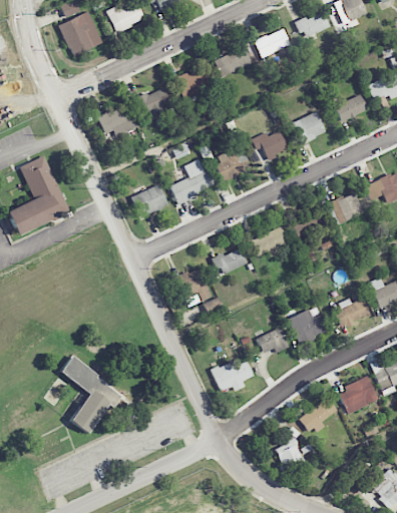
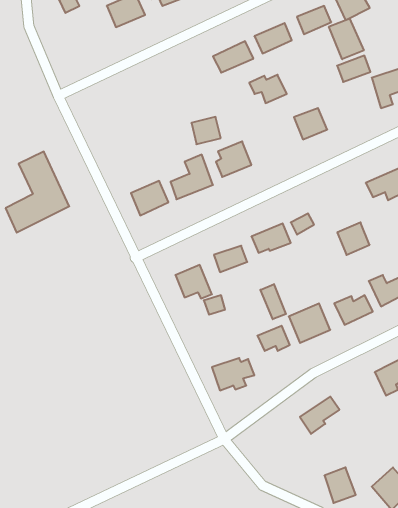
building: [58,11,103,56] -> none
building: none -> [329,19,364,59]
building: [177,72,207,99] -> [191,117,221,144]
building: [135,88,169,118] -> none
building: [335,95,368,121] -> [337,56,370,82]
building: [97,103,137,137] -> none
building: [252,131,289,159] -> [249,75,287,103]
building: [332,191,364,223] -> [337,222,370,255]
building: none -> [260,284,286,319]
building: [61,356,122,433] -> none
building: [338,377,378,413] -> none
building: [275,439,306,474] -> [324,467,356,503]

